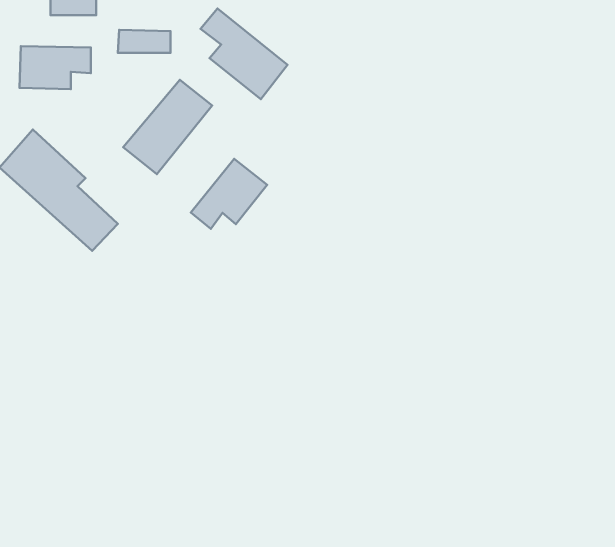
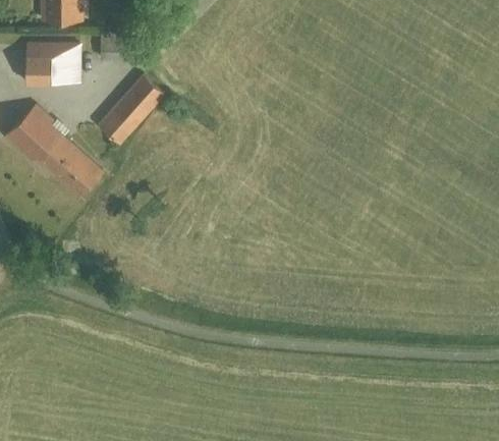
building: [200,9,288,99] -> none
building: [191,159,267,229] -> none

